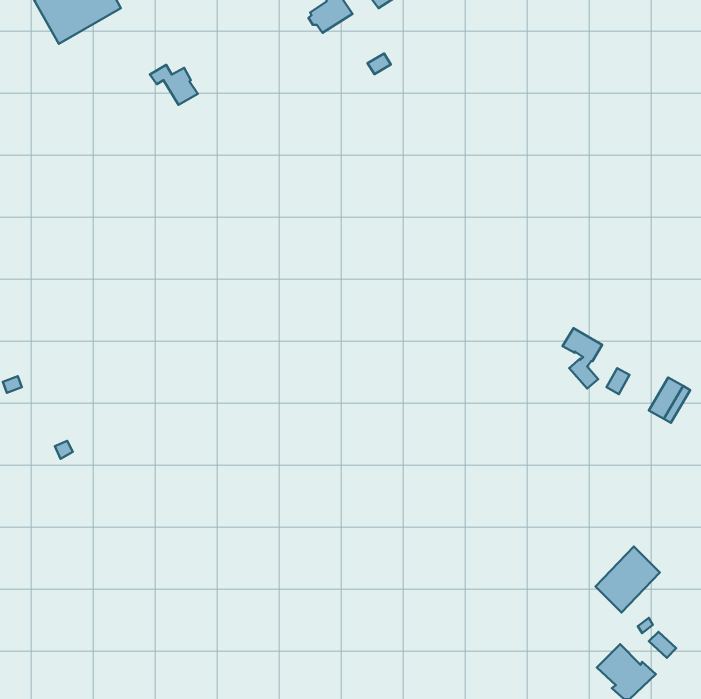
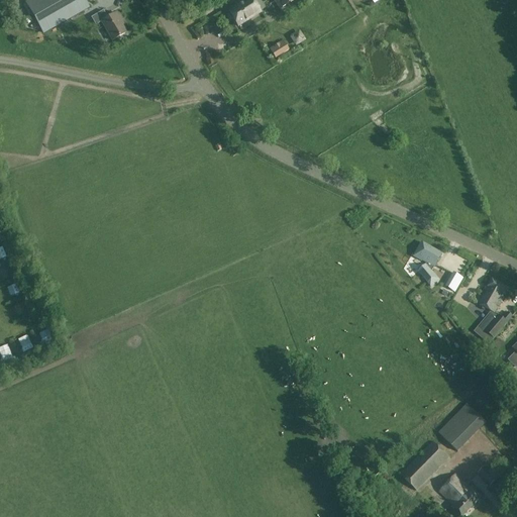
building: [150,65,198,105] -> [91,9,126,38]
building: none -> [476,313,507,342]
building: none -> [400,440,449,489]

